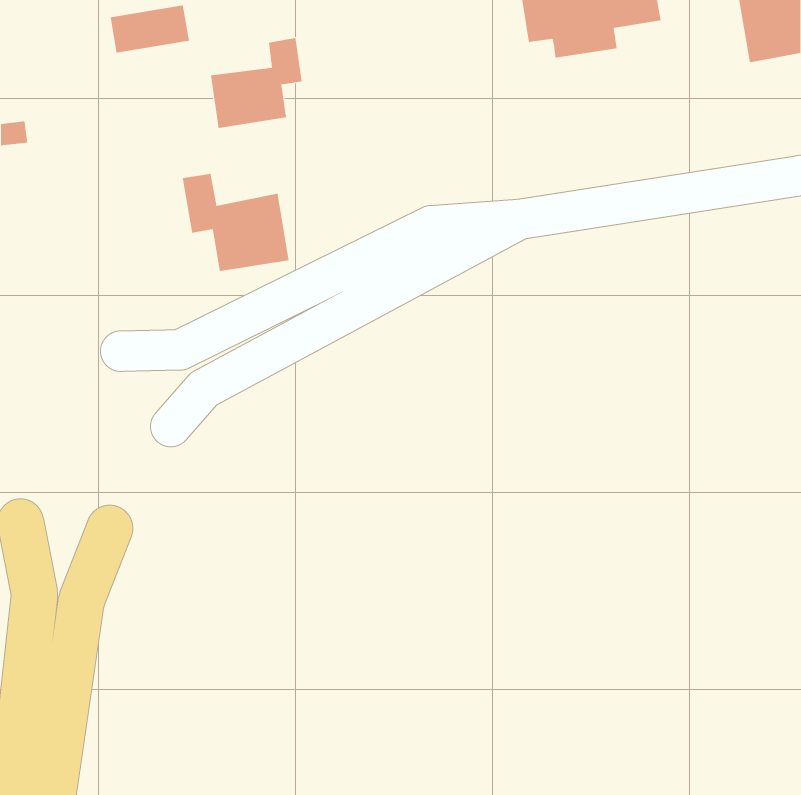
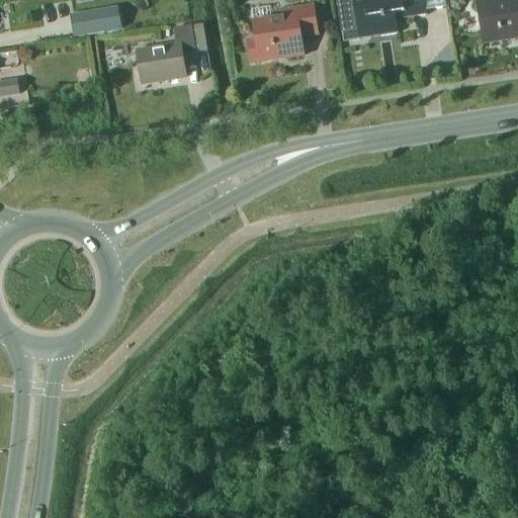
building: none -> [247,4,318,62]
building: [182,173,289,272] -> none

